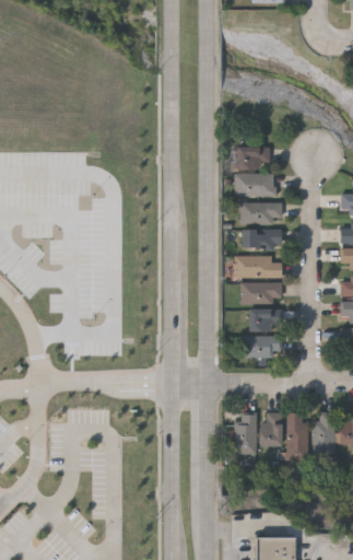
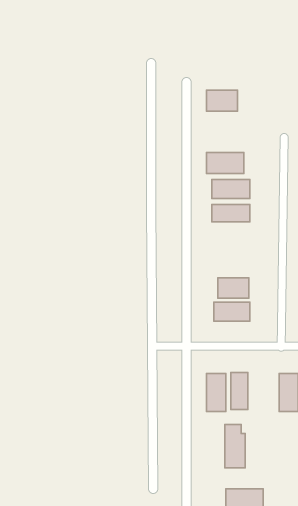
building: [236,145,270,168] -> [206,90,238,111]
building: [236,256,281,278] -> none
building: [240,282,282,303] -> none
building: [285,413,307,460] -> [225,425,245,468]

